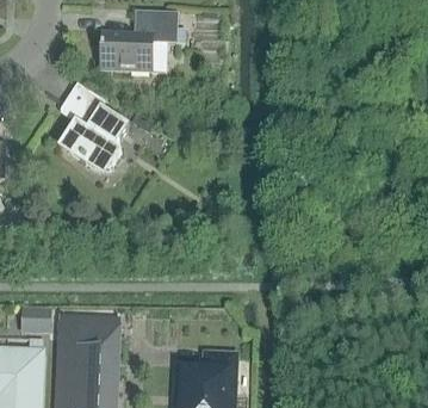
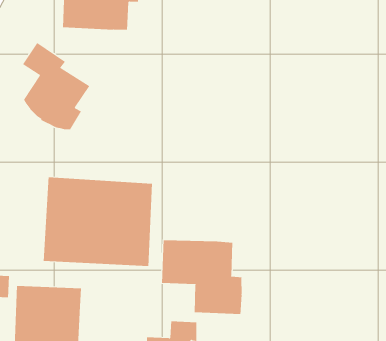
building: none -> [43,177,153,267]
building: none -> [161,239,242,315]

